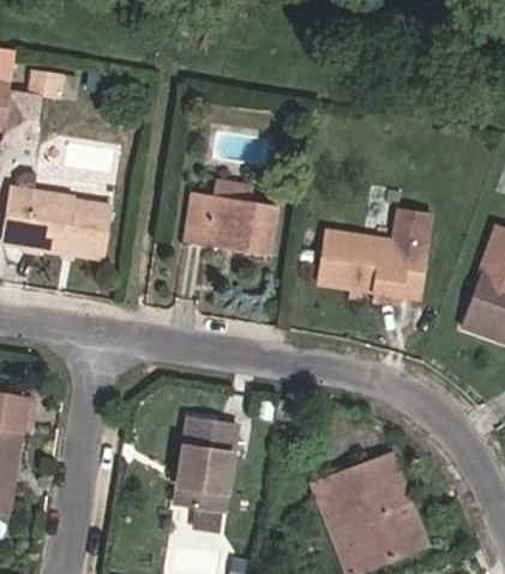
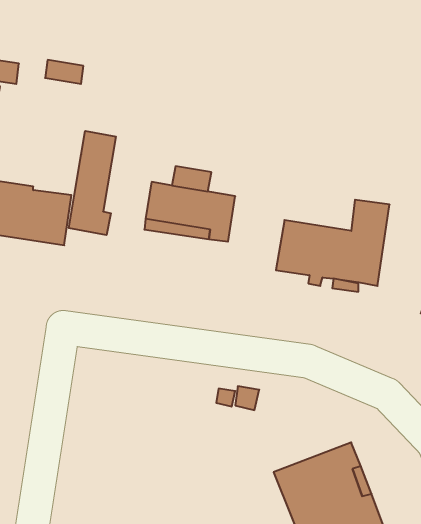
building: none -> [69,131,116,235]
building: [175,415,238,512] -> none

